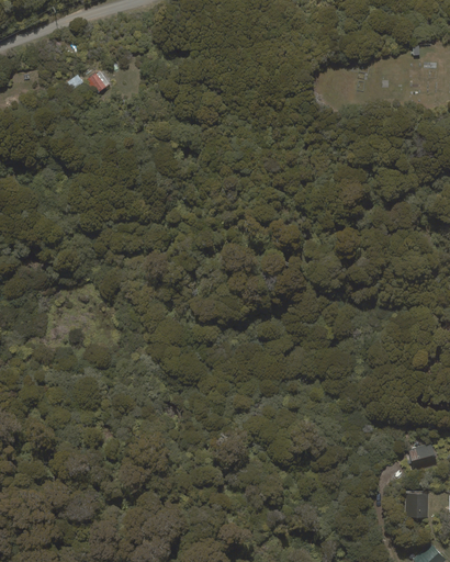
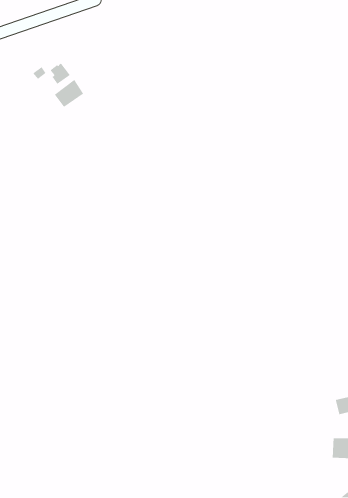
building: none -> [54,79,84,108]

